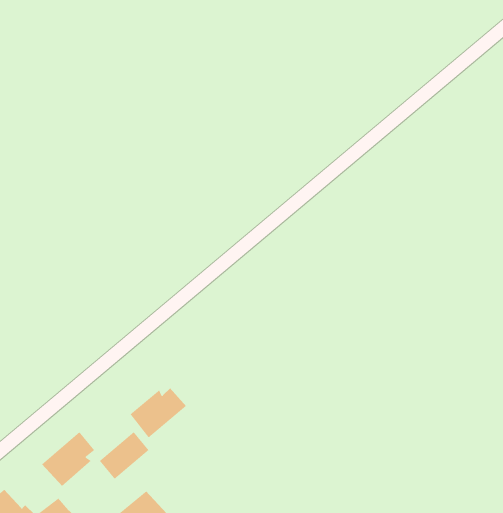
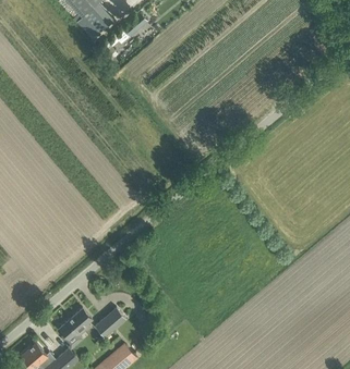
building: [129,388,187,438] -> none

